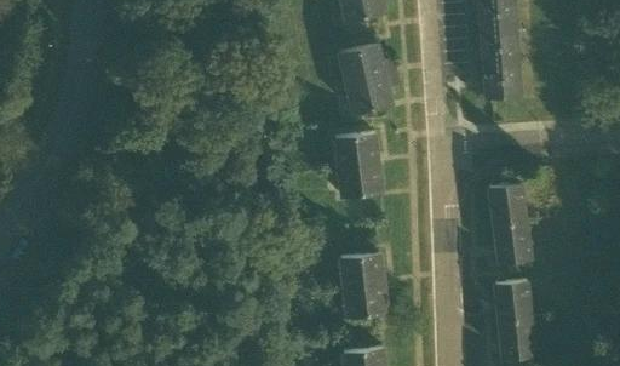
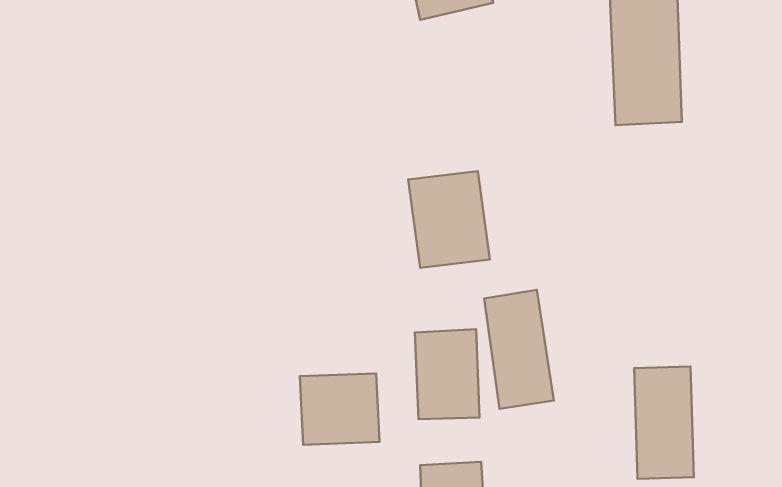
building: [335,46,398,119] -> none
building: [483,175,533,259] -> [484,290,554,409]
building: none -> [300,373,379,445]

